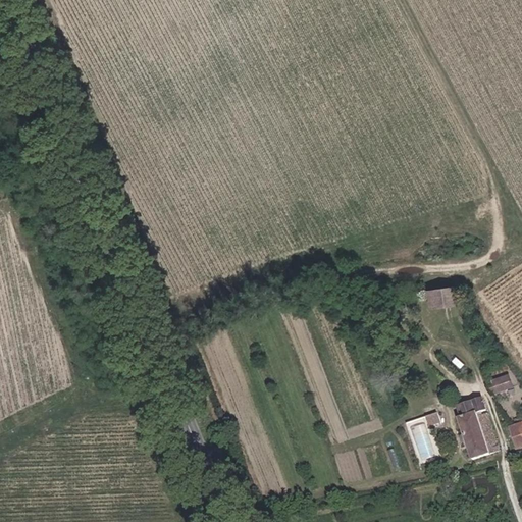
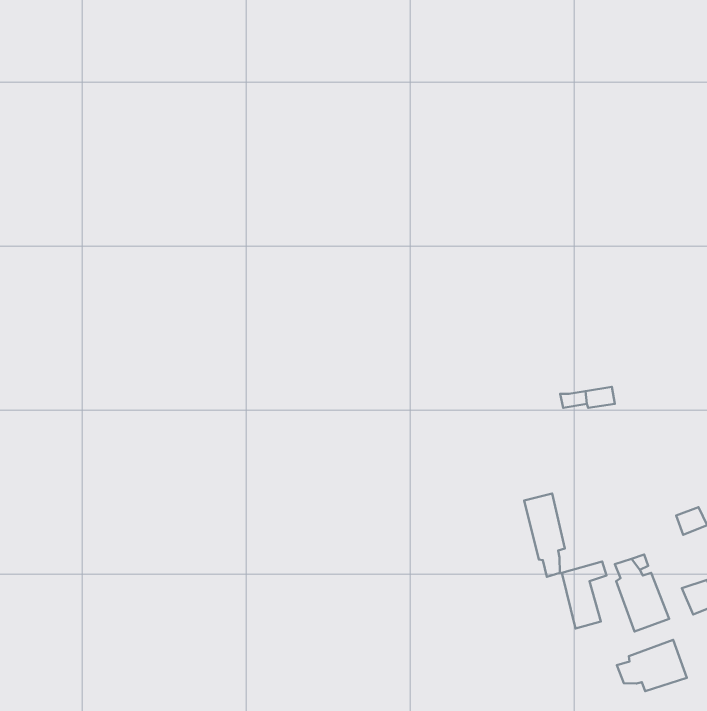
building: none -> [524,493,565,577]
building: none -> [617,640,687,691]

